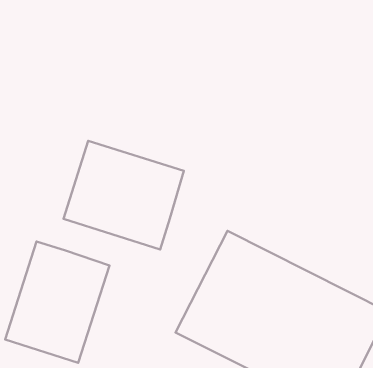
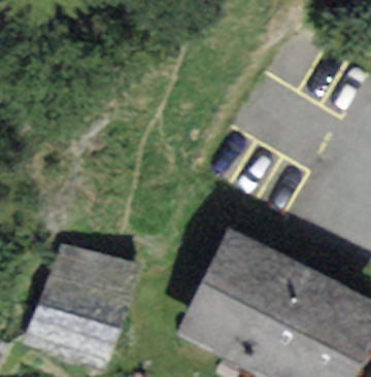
building: [63,141,184,250] -> none

